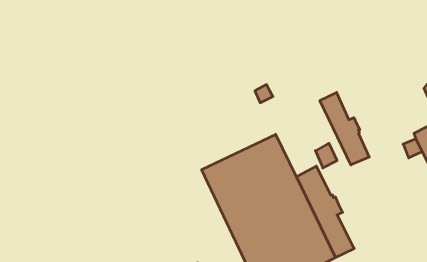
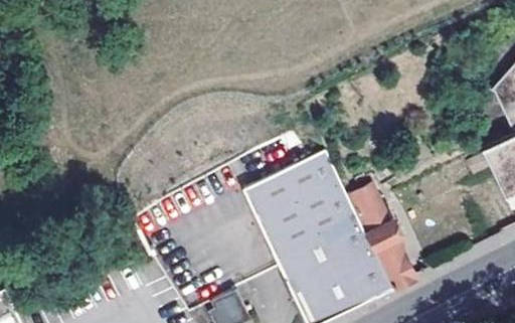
building: [320,92,369,165] -> none

